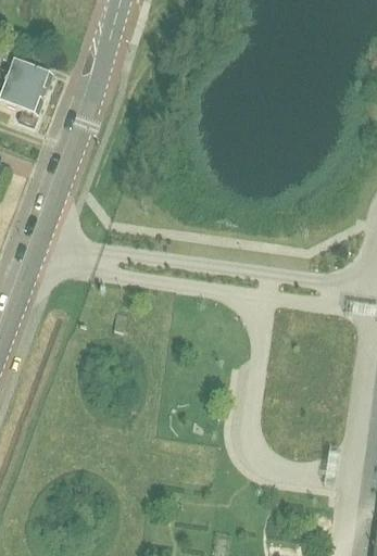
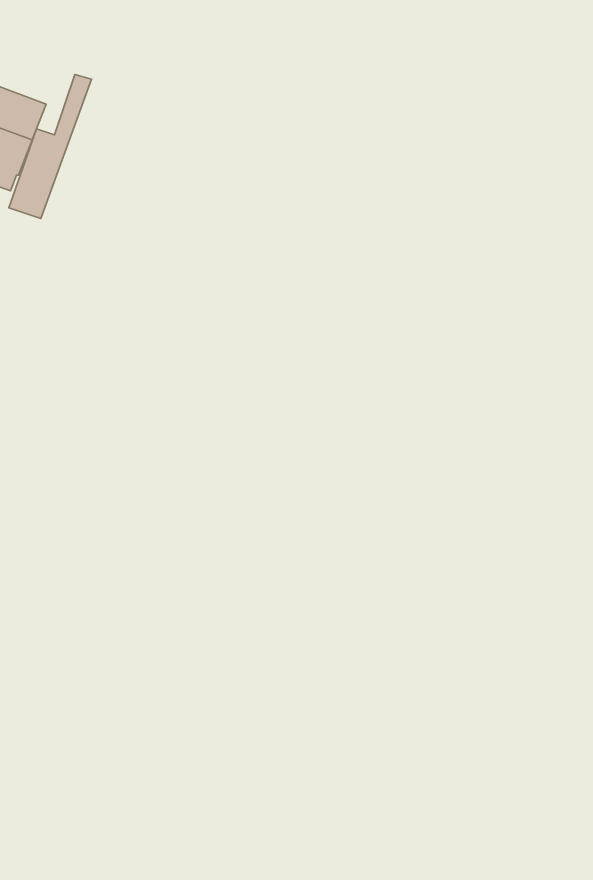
building: none -> [9,75,92,219]

